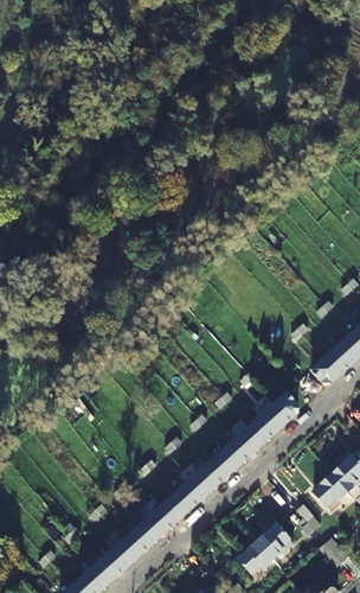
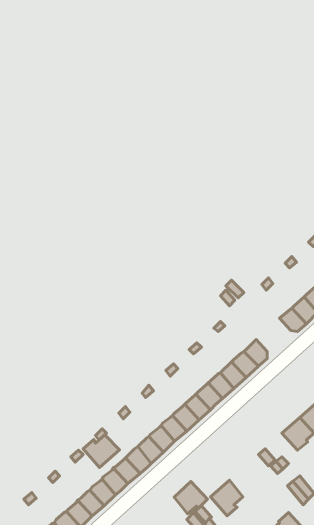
building: none -> [83,435,120,468]
building: [258,523,294,557] -> [174,481,208,514]

